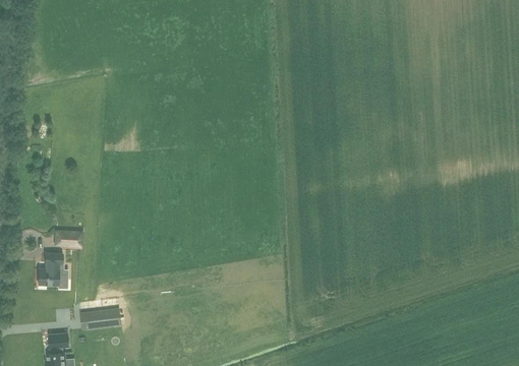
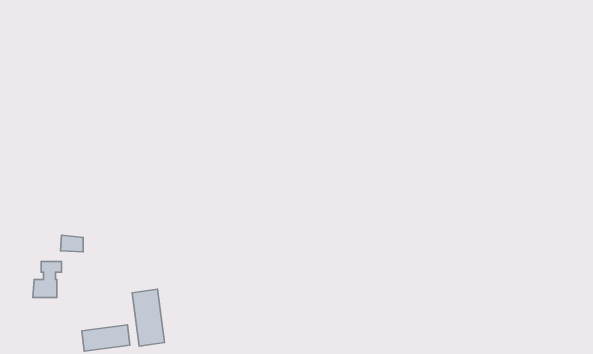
building: none -> [132,289,165,346]

